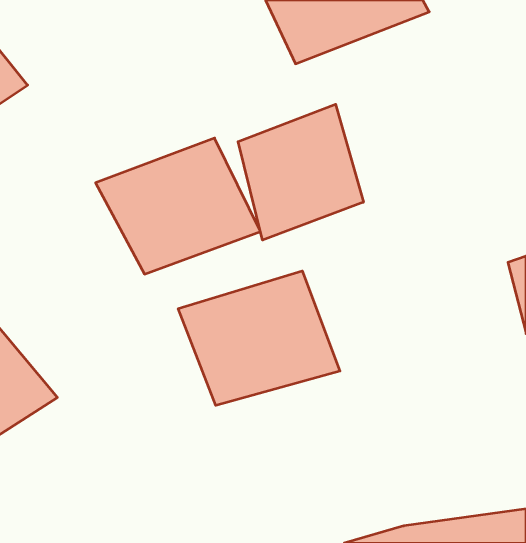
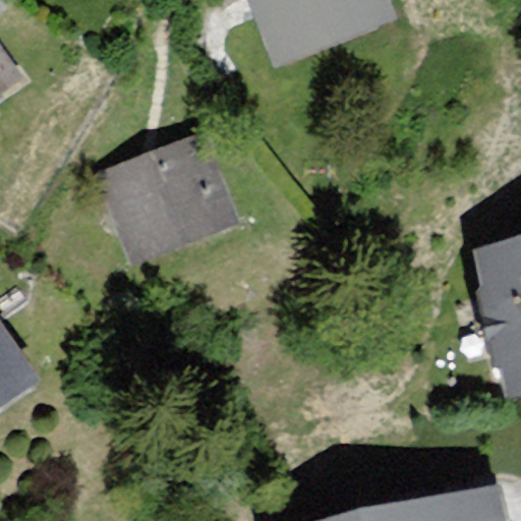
building: [238,104,363,240] -> none
building: [178,271,340,405] -> none

